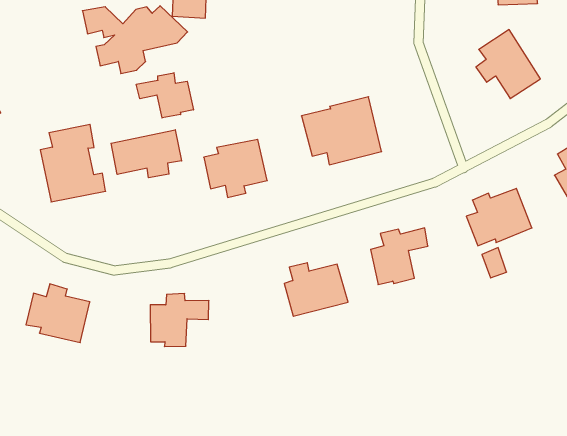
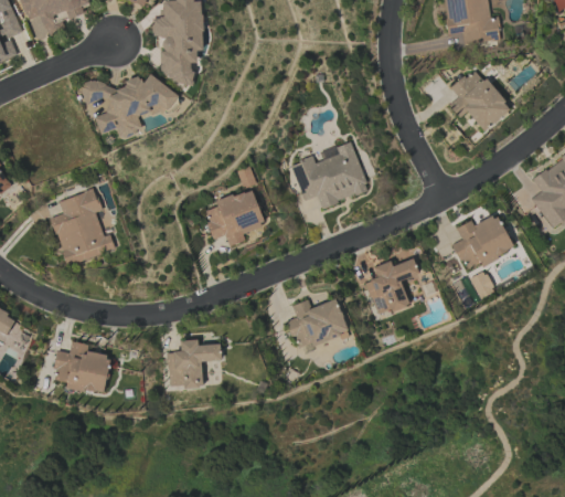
building: [136,73,193,118] -> none
building: [111,130,182,178] -> none

